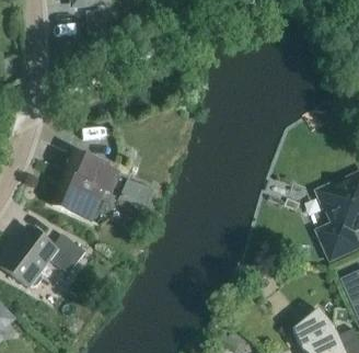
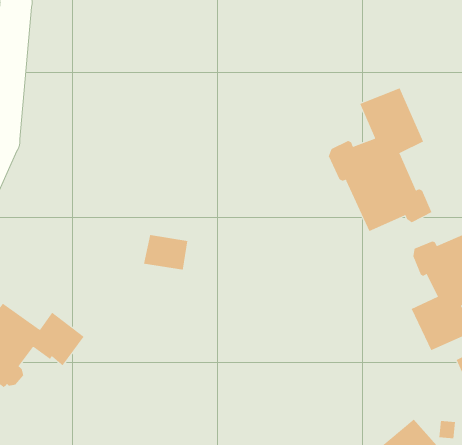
building: none -> [328,88,432,232]
building: [48,150,120,224] -> none

